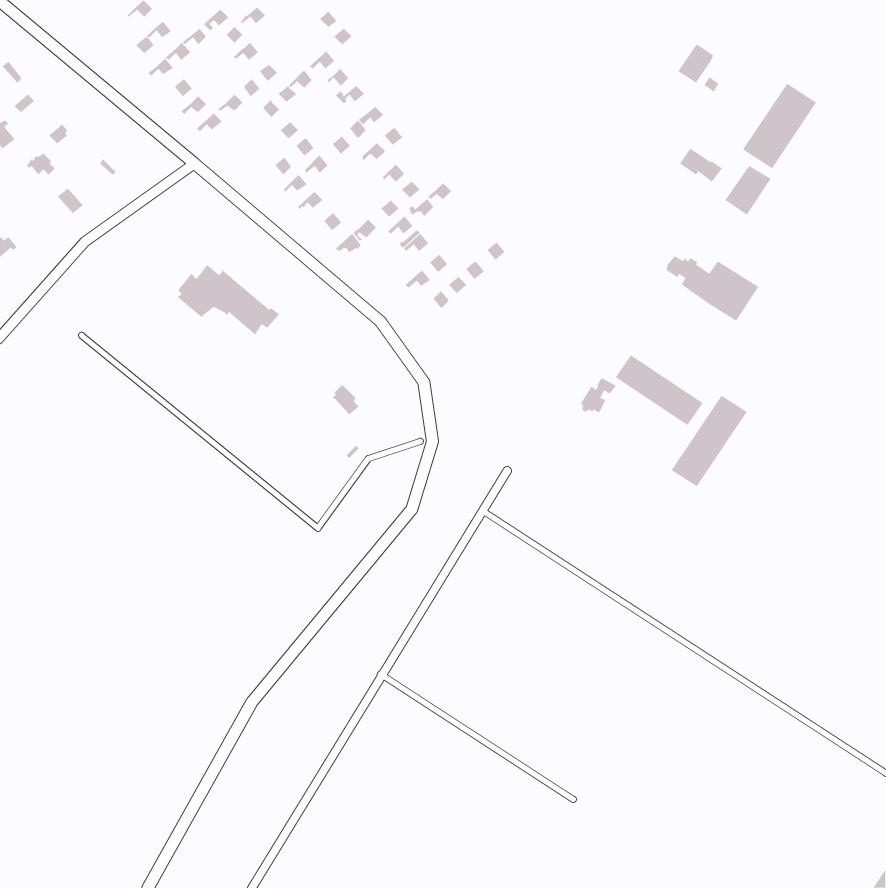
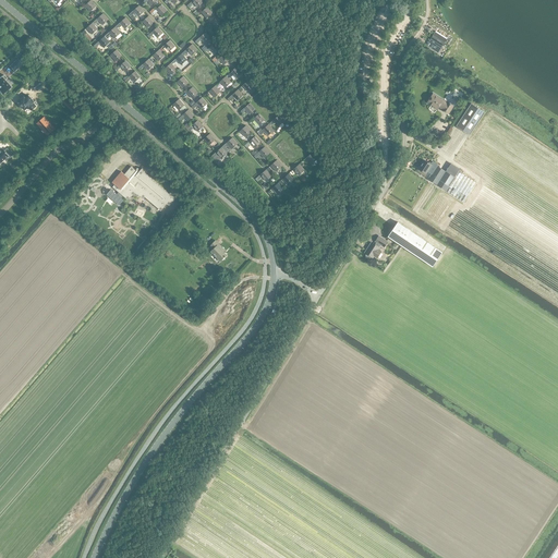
building: [742,83,817,169] -> none
building: [671,395,747,487] -> none

